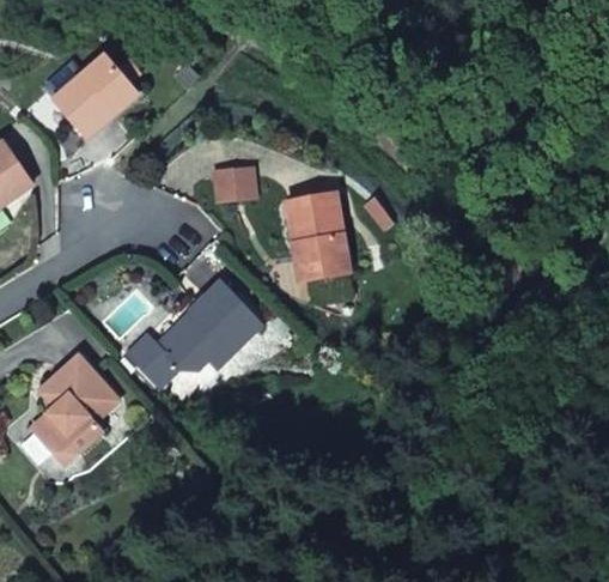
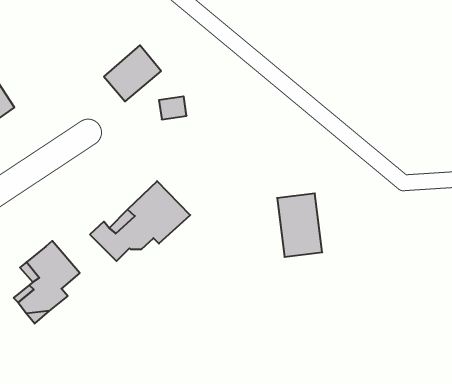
building: [56,63,130,137] -> [104,45,161,101]
building: [290,192,348,274] -> [277,193,322,257]

